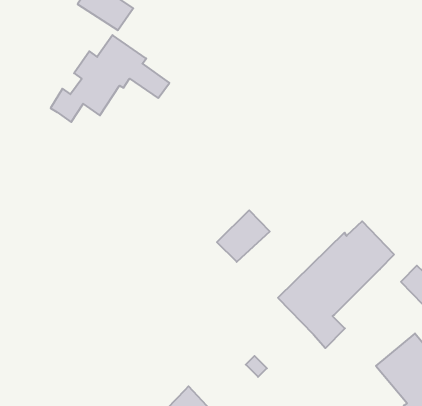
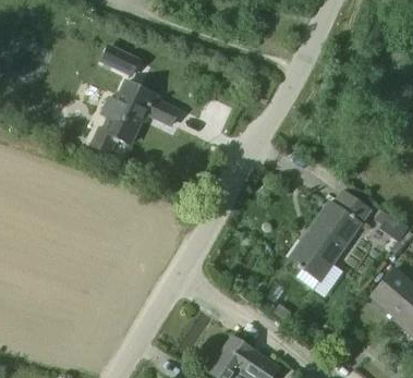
building: [217,210,270,262] -> none

